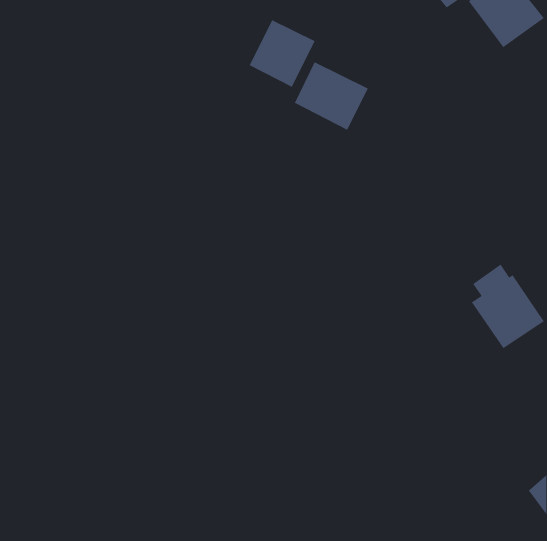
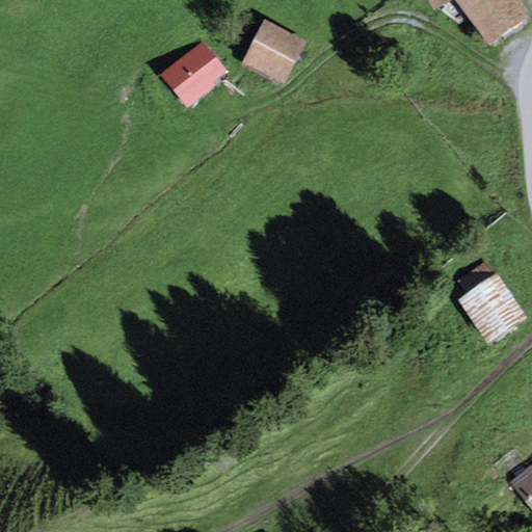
building: none -> [159,37,229,105]
building: [294,61,369,131] -> none

